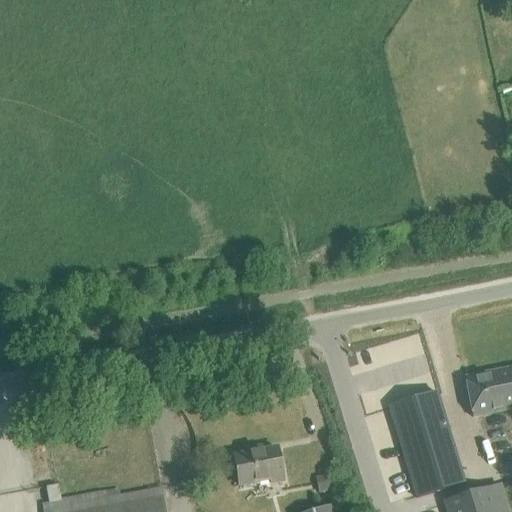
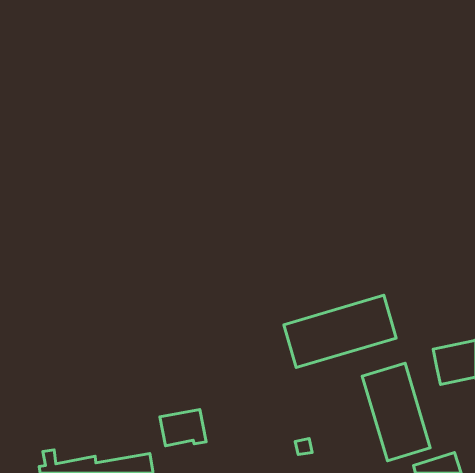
building: none -> [284,295,396,368]
building: [234,446,284,485] -> [160,409,206,446]

